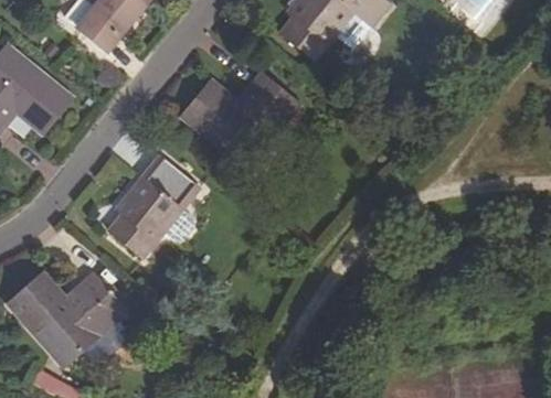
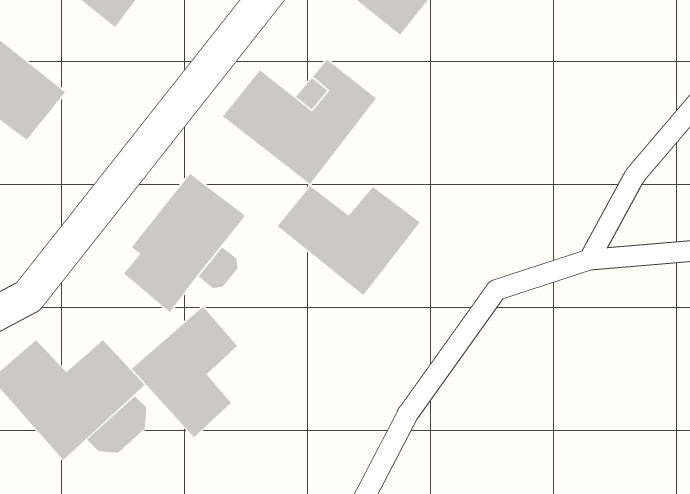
building: none -> [276,185,421,296]
building: none -> [131,305,238,438]

